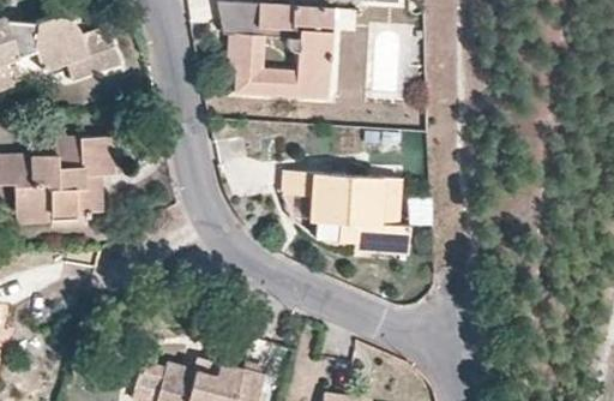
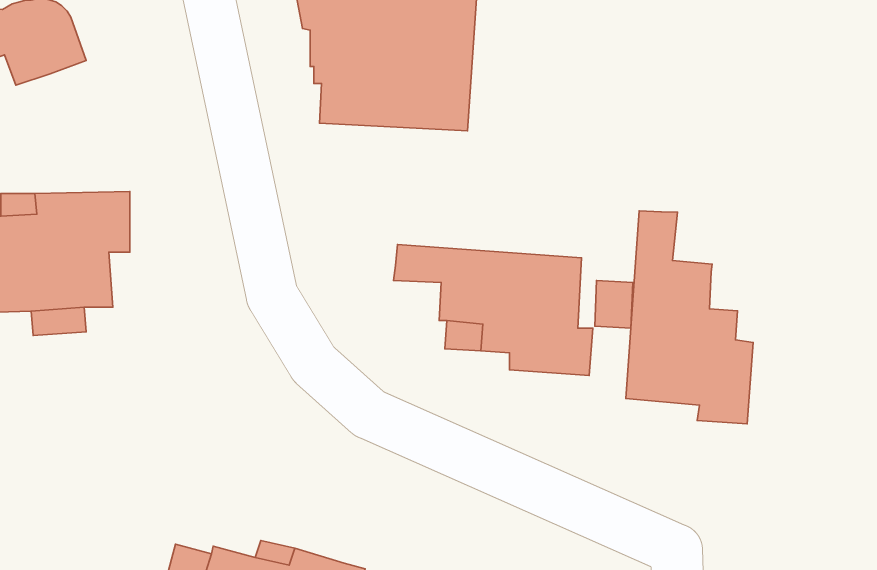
building: [65,26,120,80] -> none
building: none -> [626,211,753,424]

